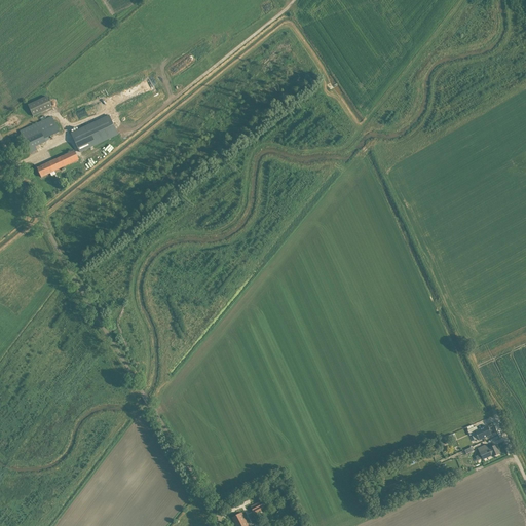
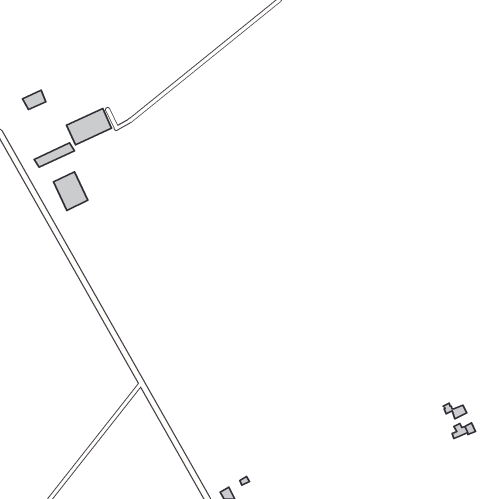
building: [20,116,59,152] -> none
building: none -> [53,172,88,210]

